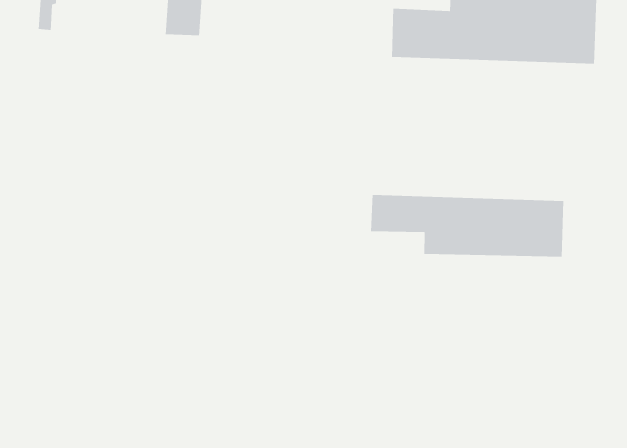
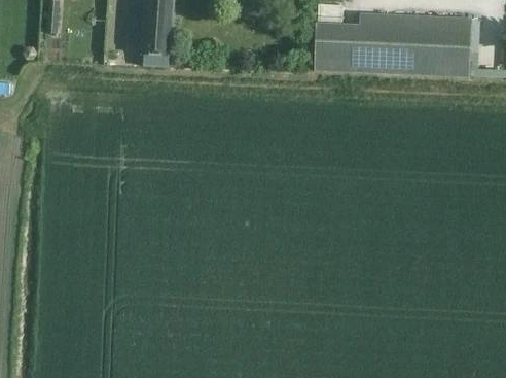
building: [370,194,564,258] -> none

